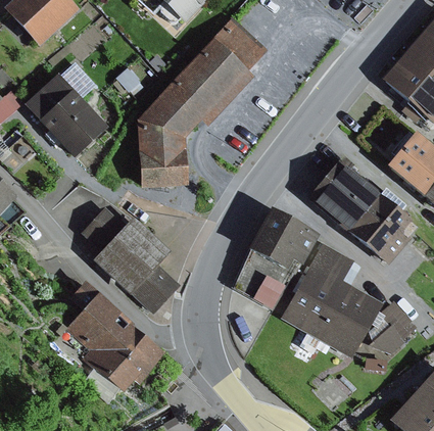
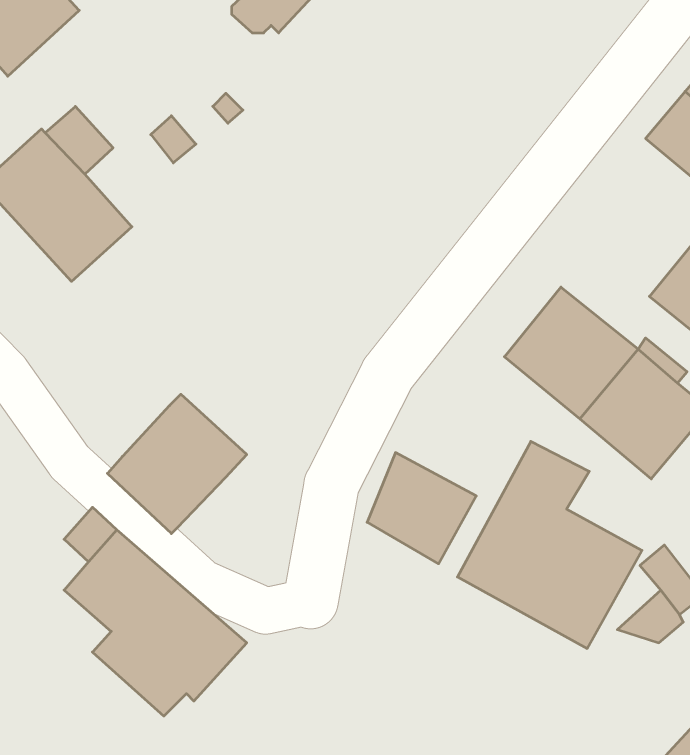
building: [137,18,267,187] -> none
building: [80,205,126,252] -> none
building: [248,209,318,276] -> none
building: [130,264,179,313] -> none

